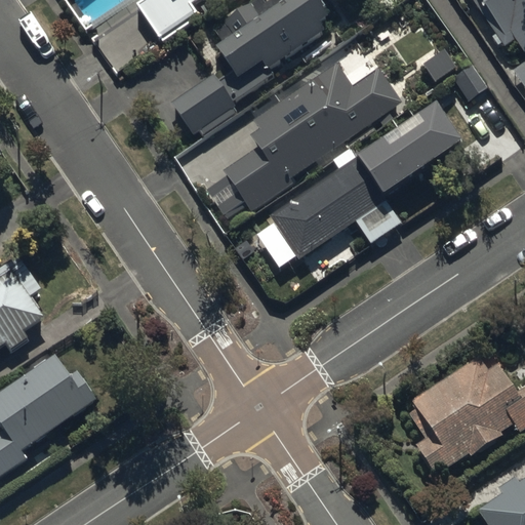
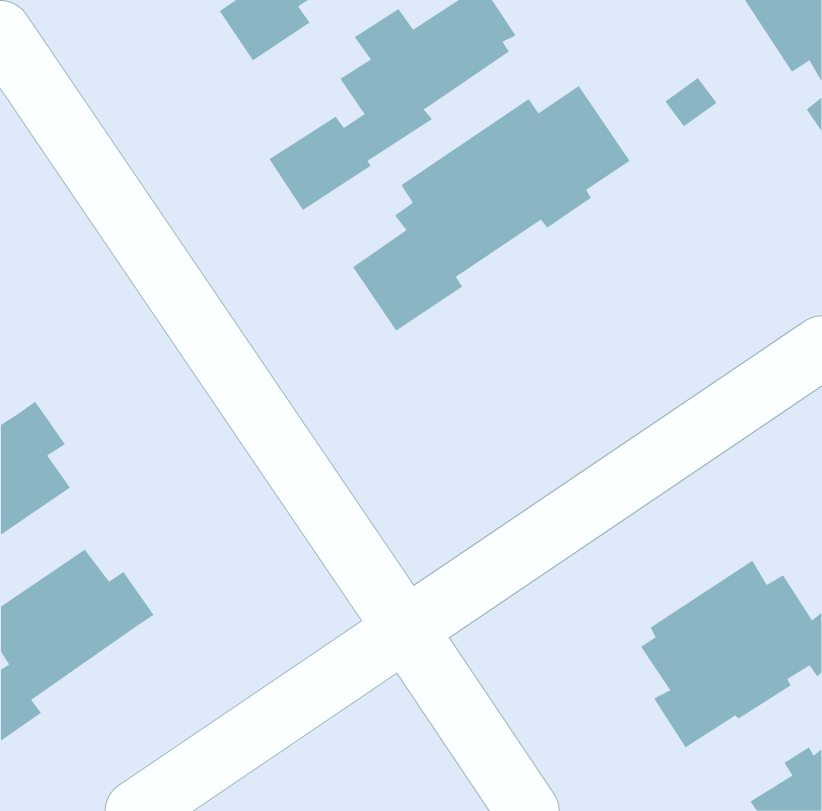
building: [270,107,466,259] -> none

